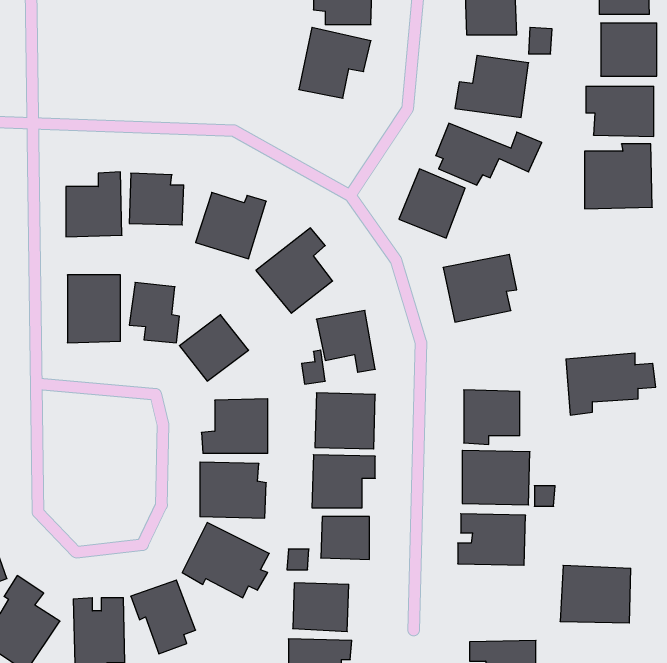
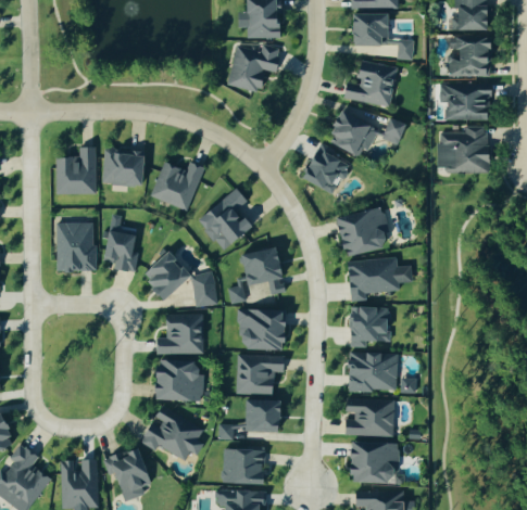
building: none -> [193,273,217,306]
building: [566,353,656,415] -> [347,257,413,303]
building: [560,565,631,623] -> [348,442,400,484]

